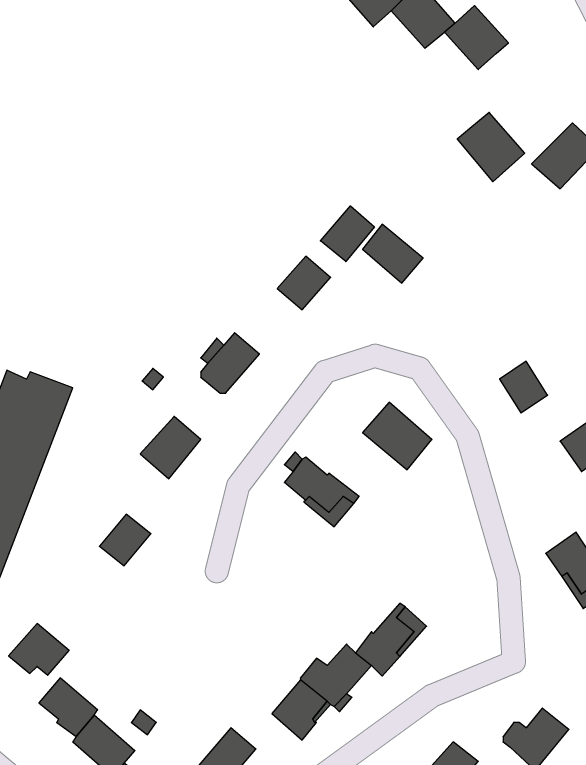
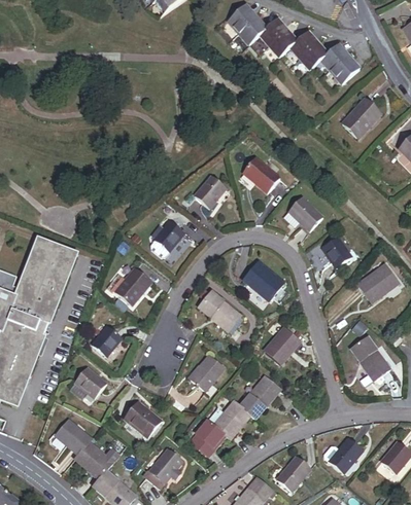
building: [457,112,525,182] -> [320,43,359,83]
building: [320,206,374,262] -> none
building: none -> [282,196,321,229]
building: none -> [264,327,299,362]
building: none -> [192,355,224,390]
building: [9,624,69,675] -> [70,367,105,397]
building: none -> [124,401,160,436]

